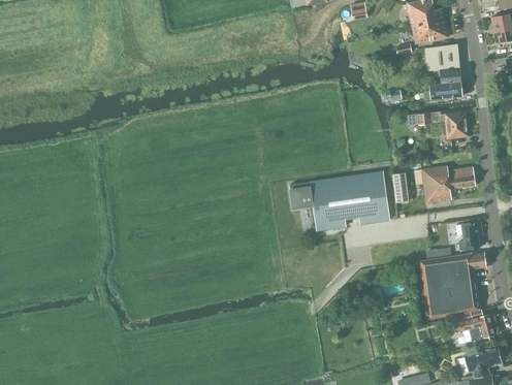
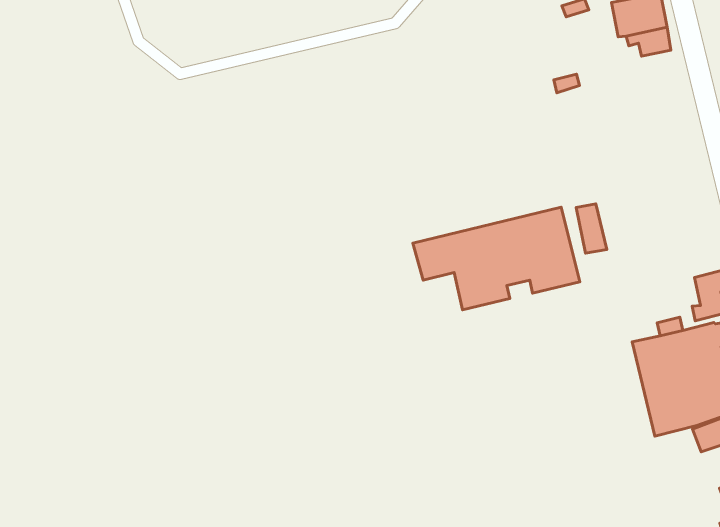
building: [425,81,461,98] -> none
building: [407,110,469,138] -> none
building: [417,165,475,202] -> none

